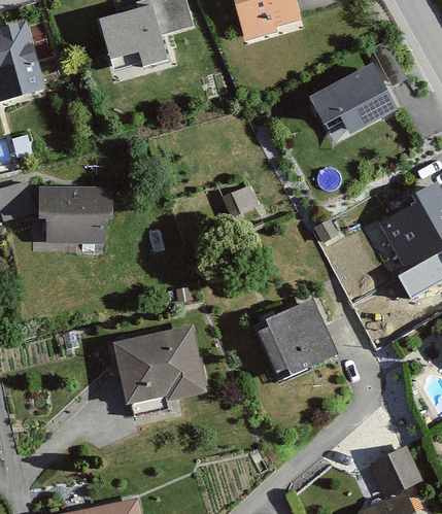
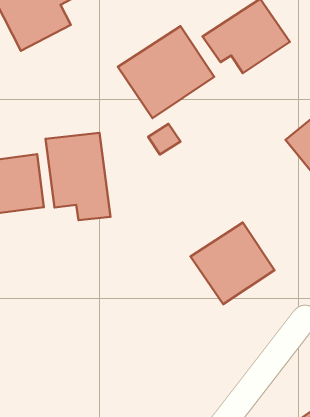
building: none -> [118,26,214,118]
building: none -> [46,133,111,220]
building: [106,325,205,408] -> none

